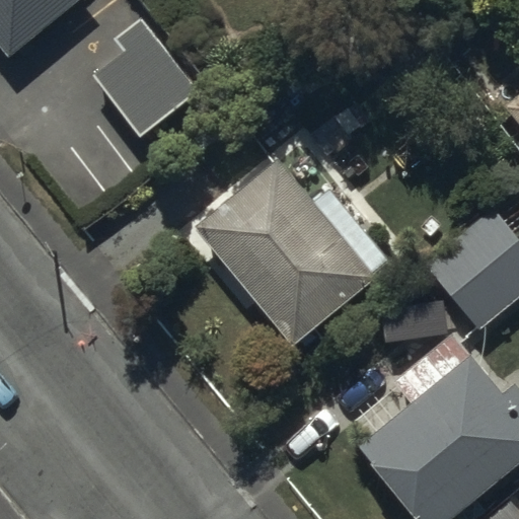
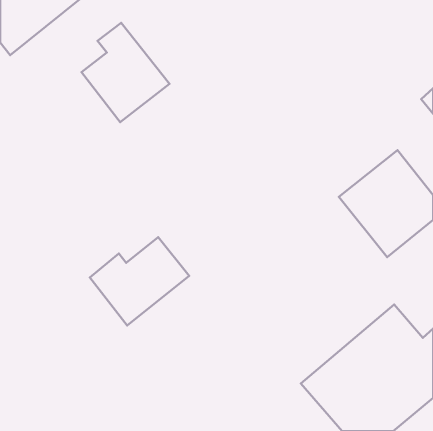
building: [186,144,383,329] -> none
building: none -> [90,237,189,326]

